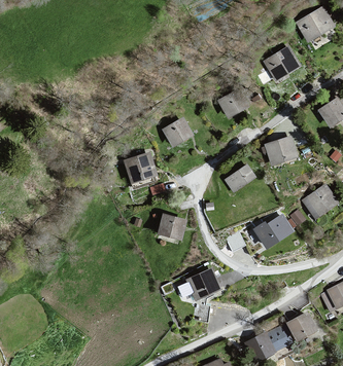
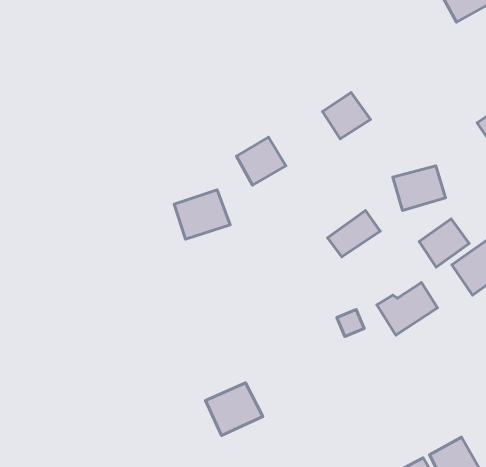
building: [262,46,301,83] -> none
building: none -> [419,219,469,267]
building: [158,213,187,242] -> none
building: [185,268,222,302] -> [205,383,263,436]

